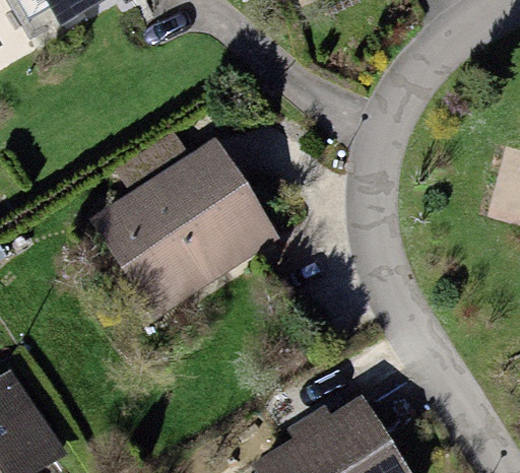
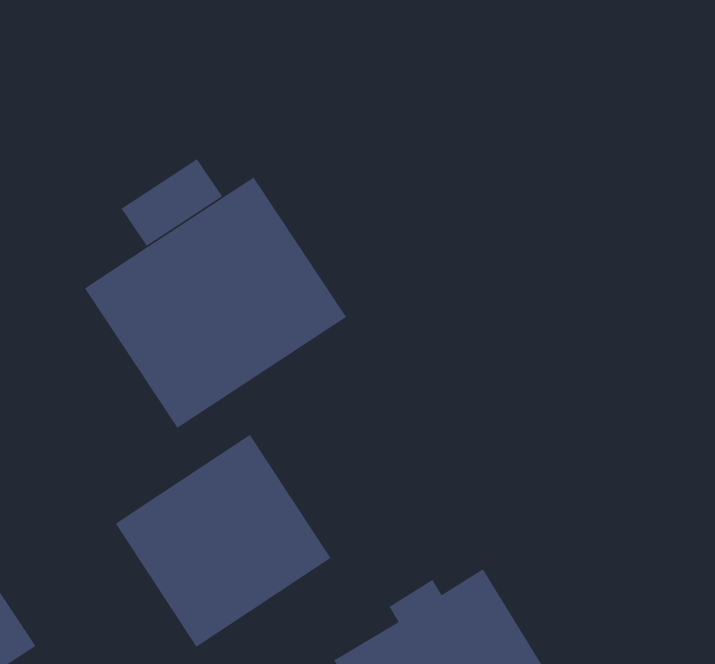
building: none -> [115,434,332,648]

